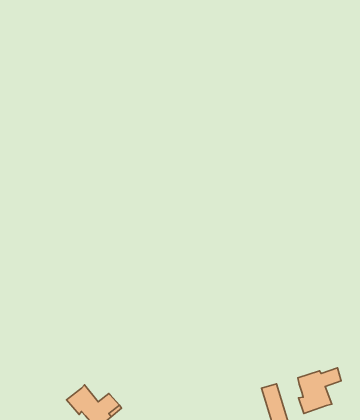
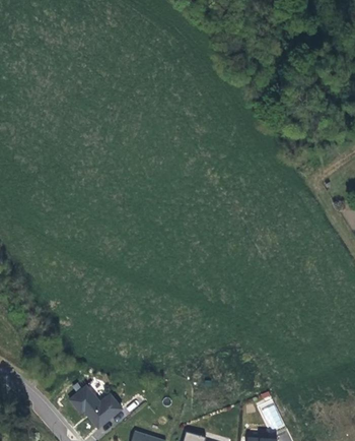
building: [298,368,341,414] -> none

